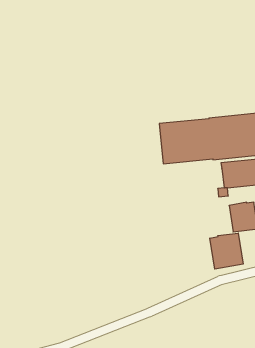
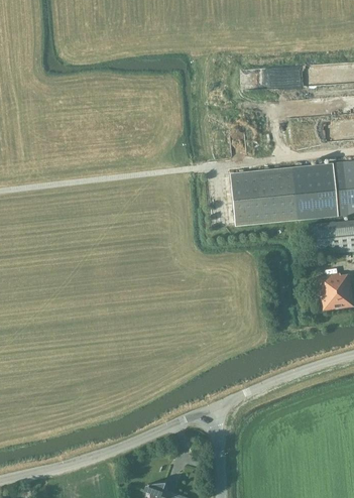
building: [210,233,243,269] -> none

